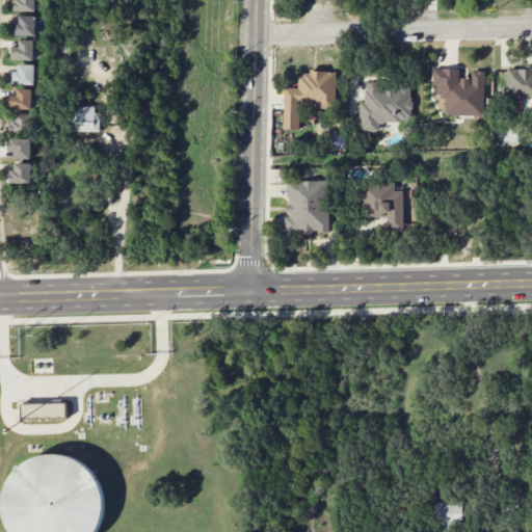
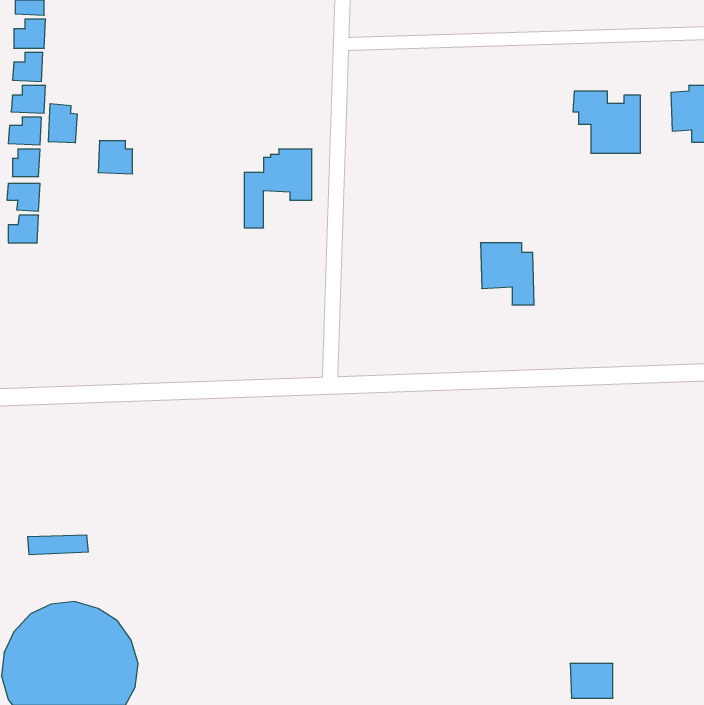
building: [284,70,335,129] -> [244,149,312,228]
building: none -> [49,104,77,143]
building: [358,83,409,129] -> none
building: [284,180,329,233] -> none

